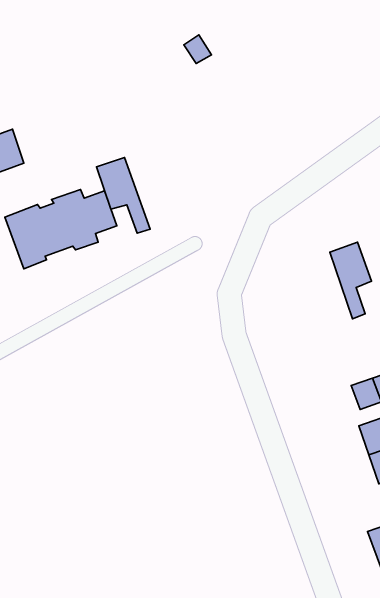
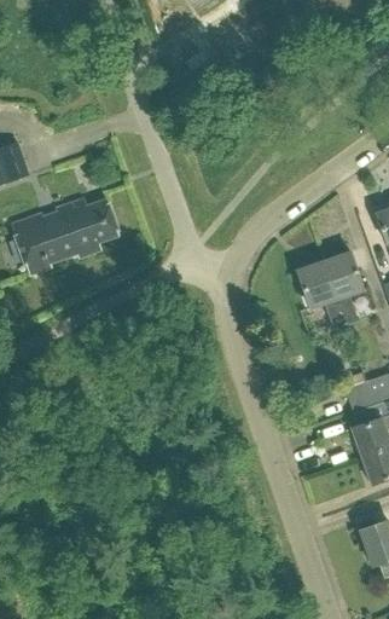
building: [96,157,150,233] -> none
building: none -> [295,260,344,328]

